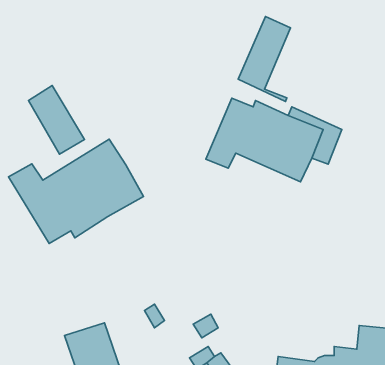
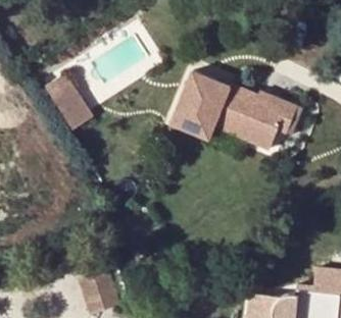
building: [238,17,291,102] -> [168,73,211,143]
building: [9,139,144,244] -> none

